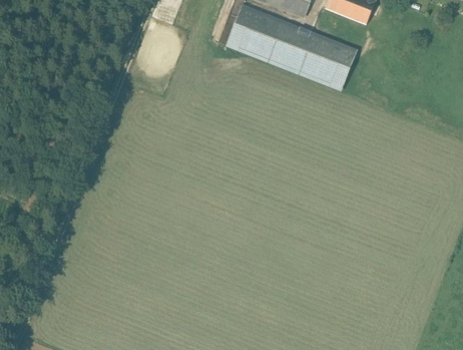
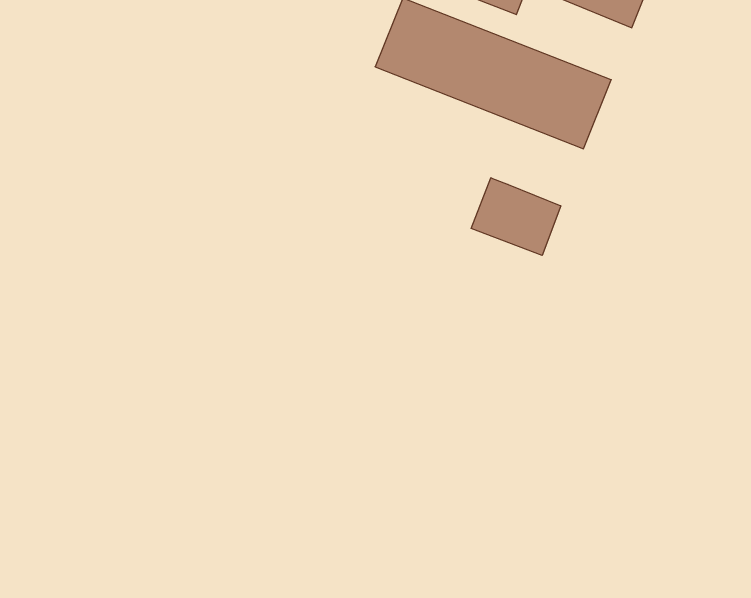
building: none -> [471,178,561,255]

